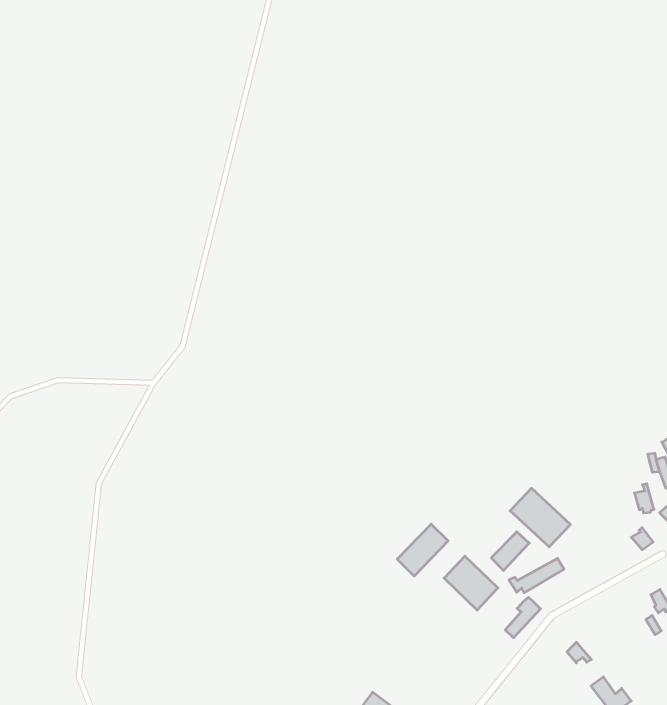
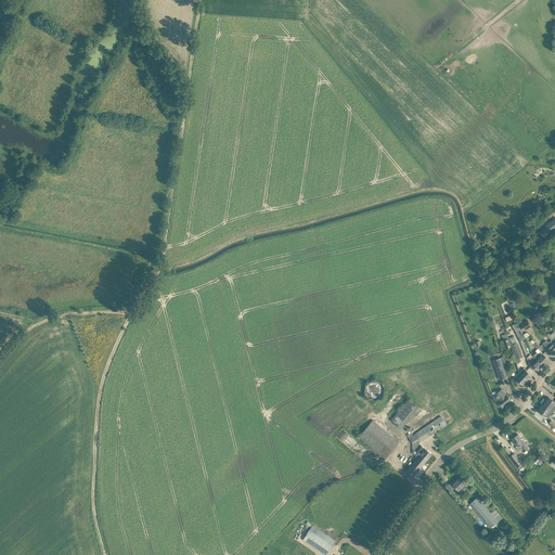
building: [510,488,570,547] -> none
building: [397,524,448,576] -> none

